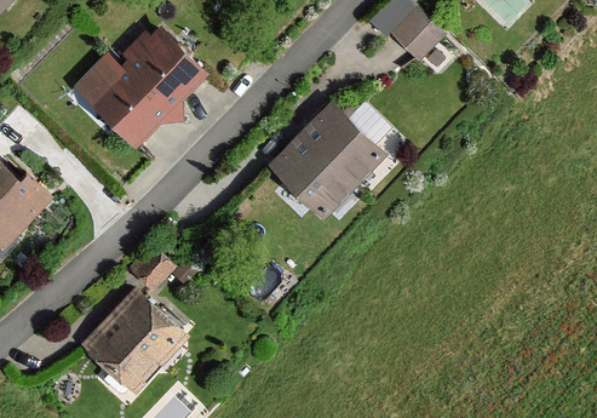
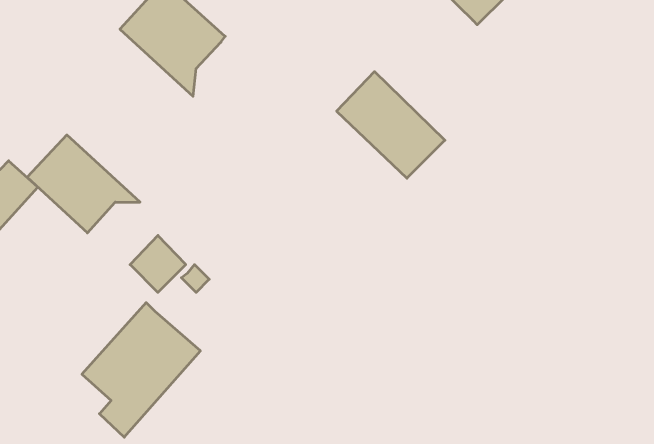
building: [86,64,179,145] -> [27,135,140,233]
building: [264,132,356,223] -> none

